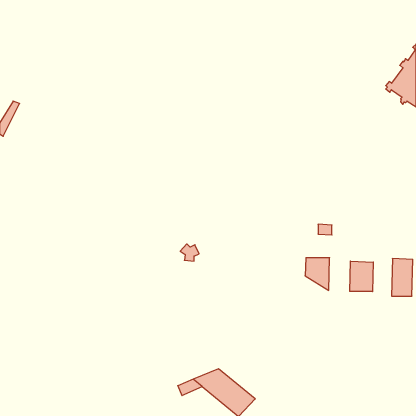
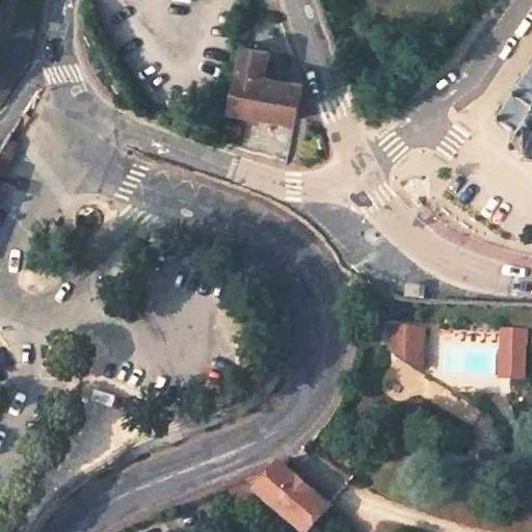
building: none -> [229,43,299,121]
building: [350,261,373,292] -> none

